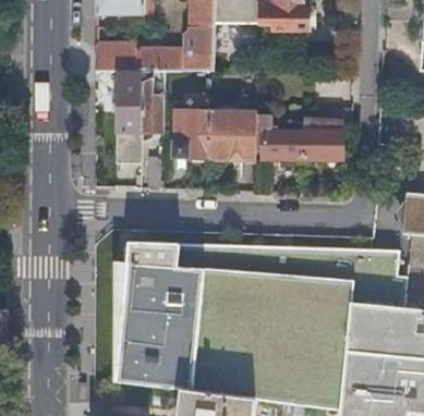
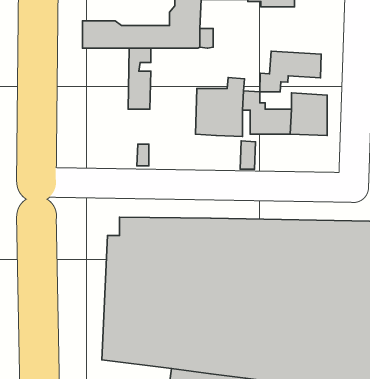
building: [117,72,143,164] -> none
building: none -> [260,51,321,92]
building: [173,111,210,159] -> none

